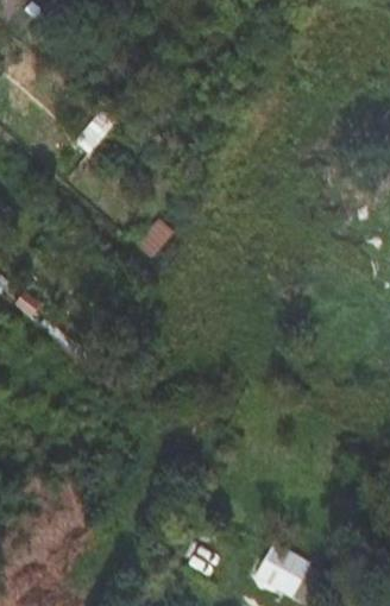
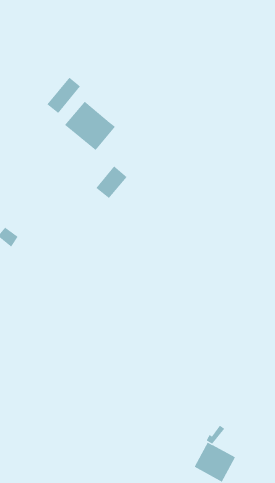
building: none -> [64,101,116,151]

